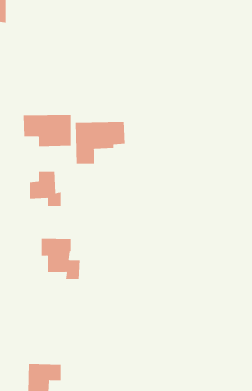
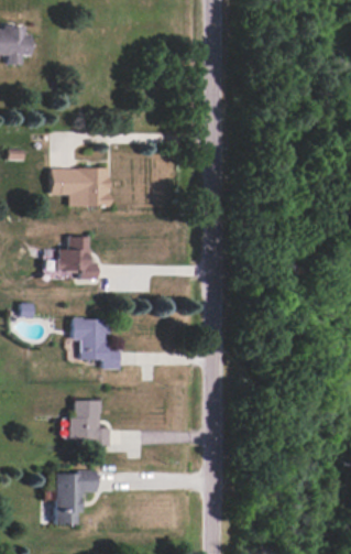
building: [75,121,125,164] -> none
building: none -> [68,401,110,445]

